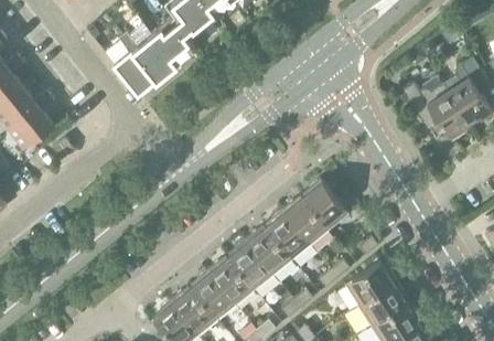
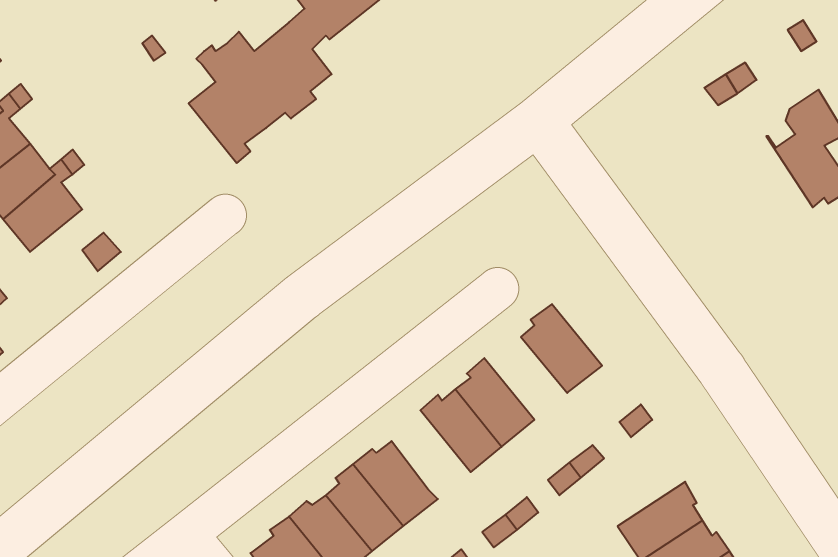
building: [401,83,469,141] -> none
building: [281,199,329,246] -> none
building: [228,241,273,291] -> none
building: [344,263,396,307] -> none

